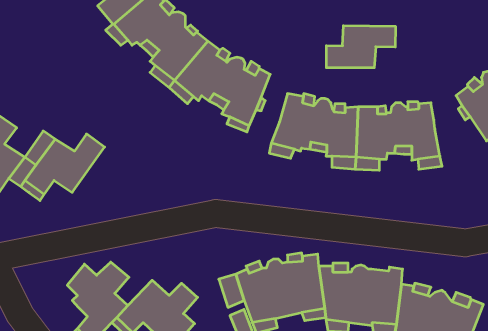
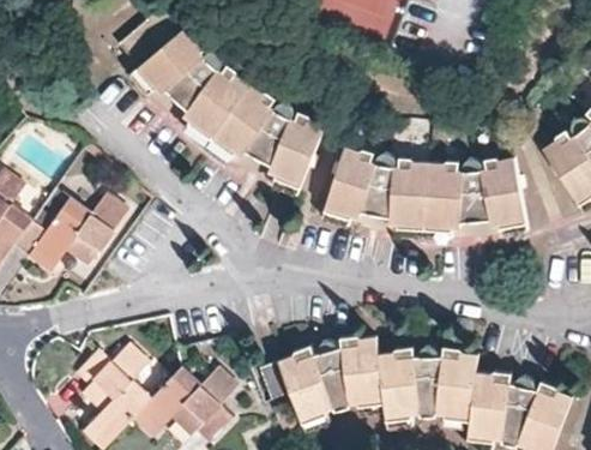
building: [326,26,395,68] -> none

